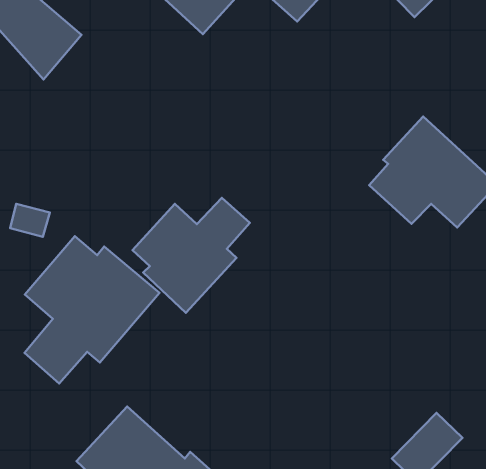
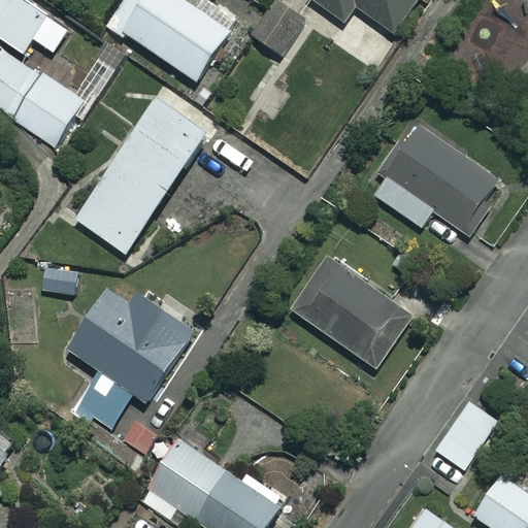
building: none -> [74,89,212,254]
building: [132,198,250,313] -> none
building: none -> [293,259,410,368]

